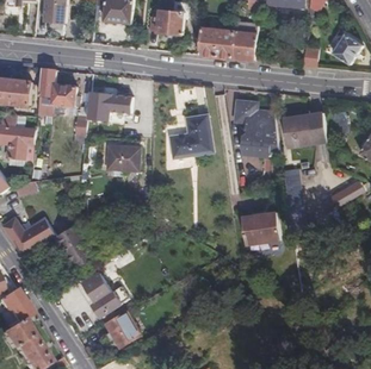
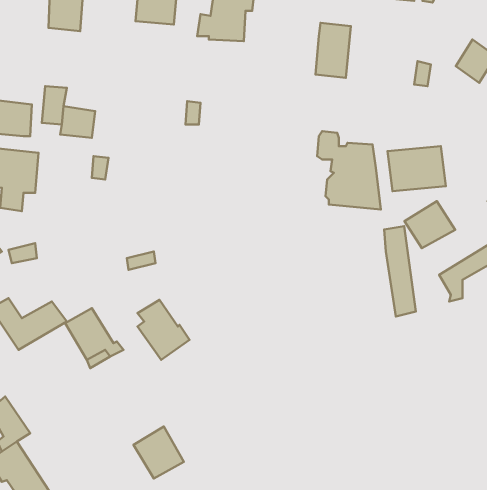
building: [199,27,236,58] -> none
building: [88,92,134,125] -> none
building: [171,117,212,158] -> none
building: [106,146,141,174] -> none
building: none -> [404,201,455,248]
building: [241,211,280,244] -> none
building: [82,273,119,315] -> [138,300,189,360]

